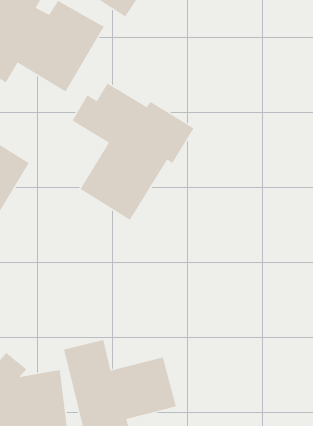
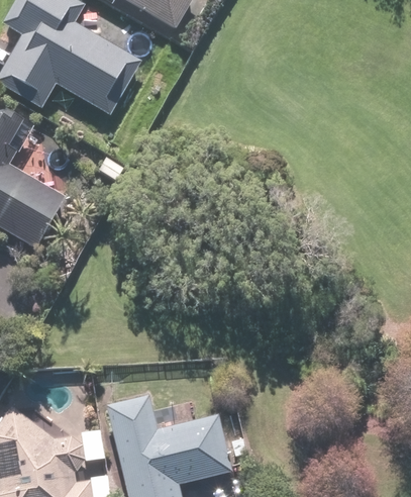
building: [71,82,195,221] -> none

